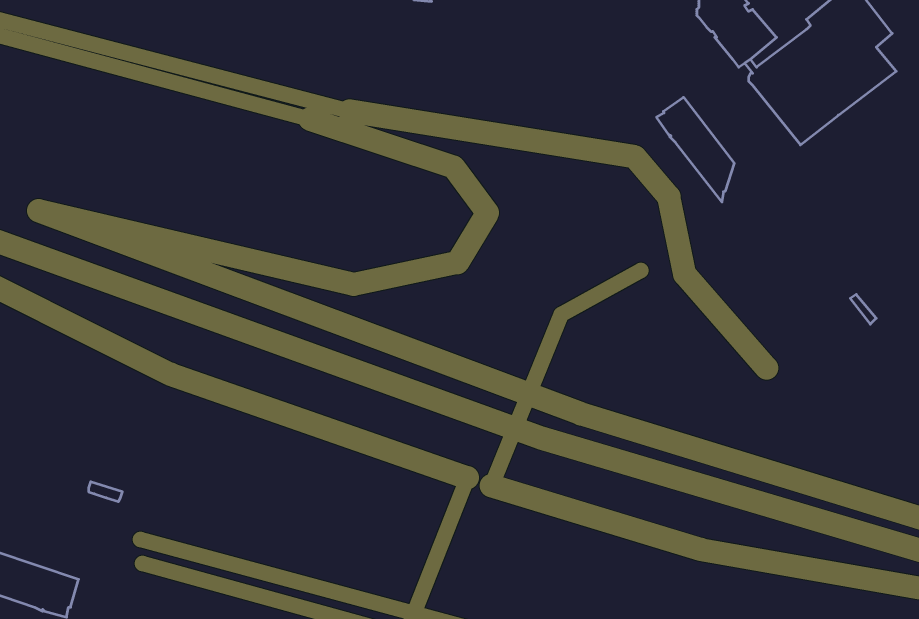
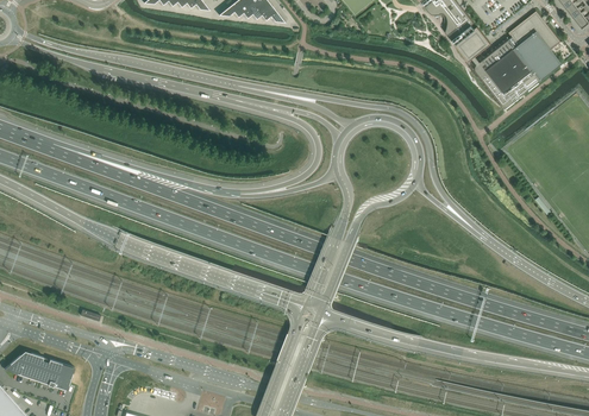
building: [657,97,734,202] -> none

